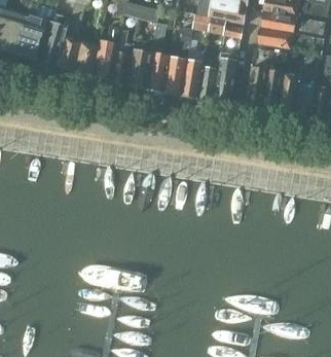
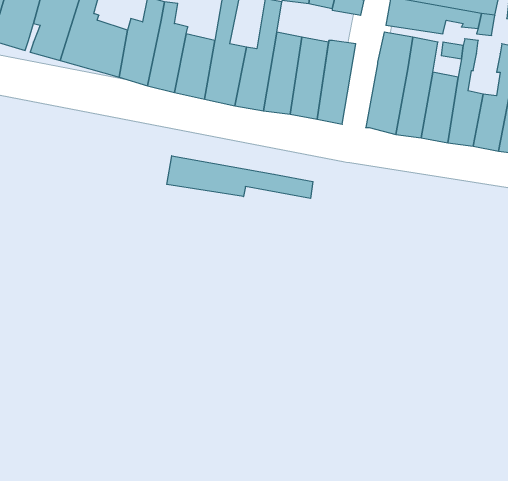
building: none -> [167,156,313,198]

